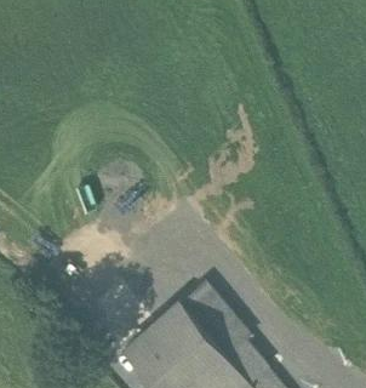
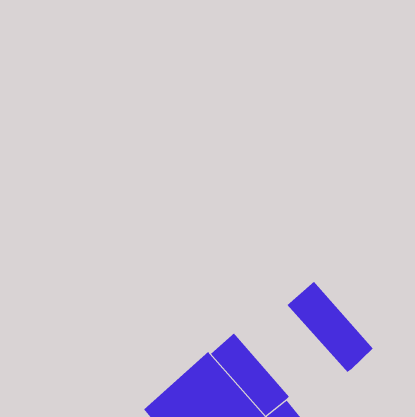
building: none -> [287,281,373,373]

